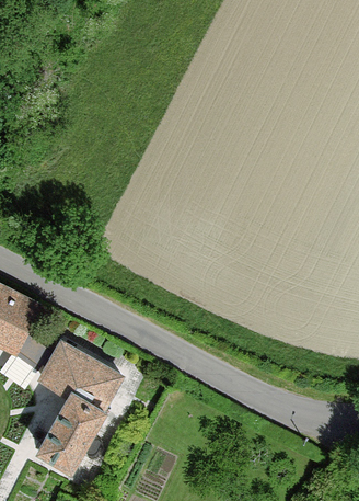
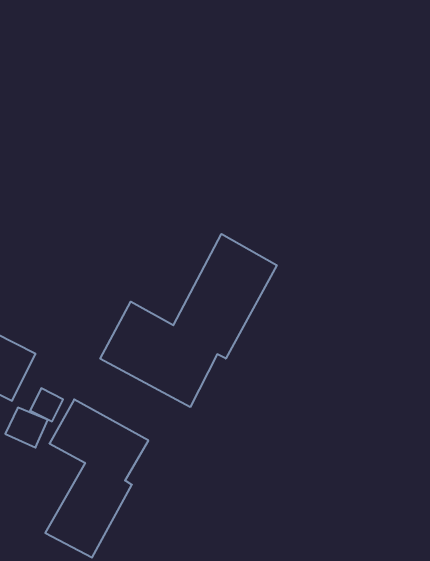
building: none -> [100,234,277,407]

